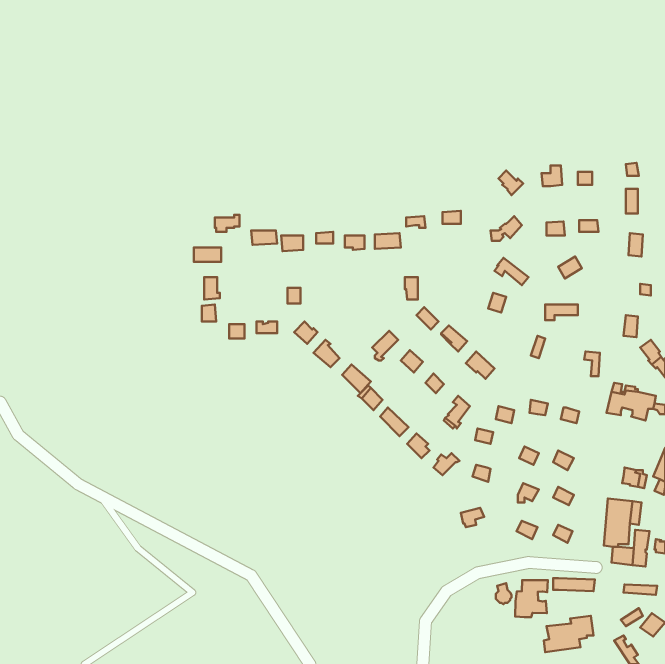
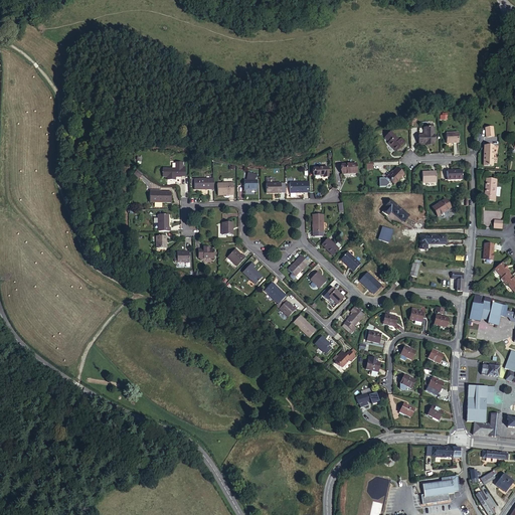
building: [515,580,548,617] -> none

